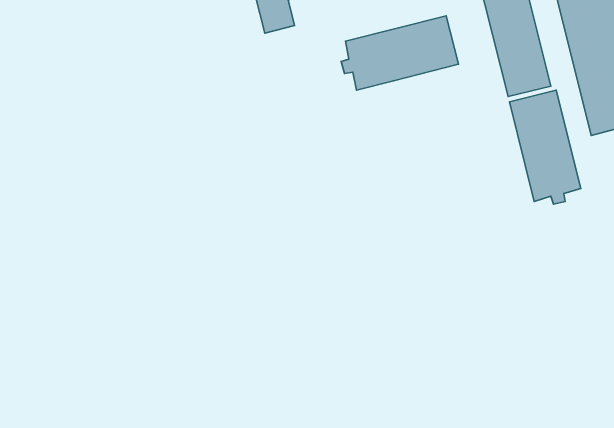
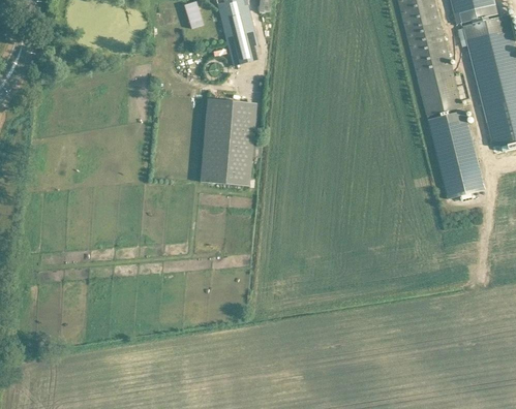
building: [341,16,459,90] -> none
building: none -> [200,97,255,185]

